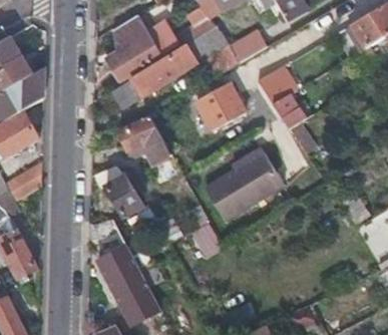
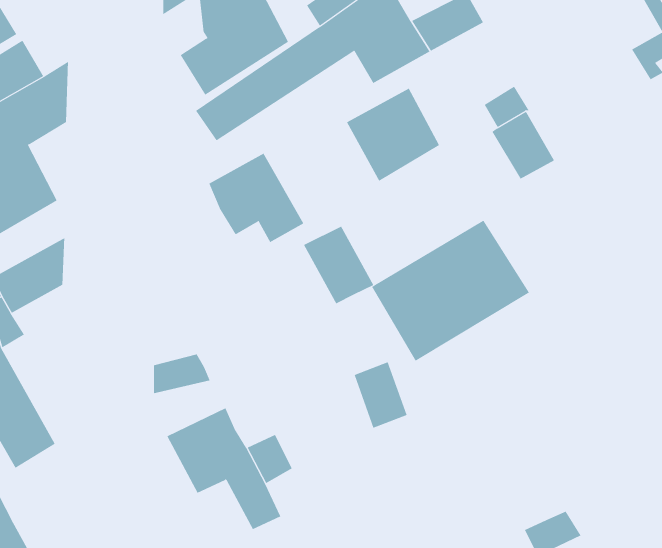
building: [105,179,142,220] -> [303,226,374,304]

